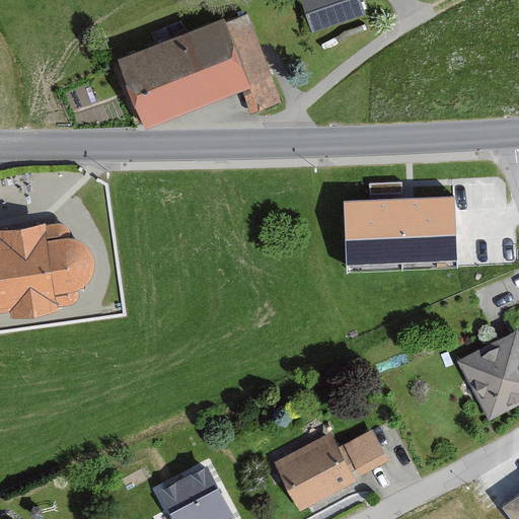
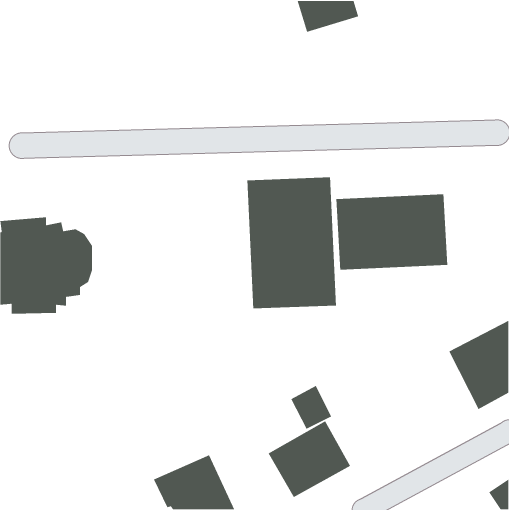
building: [120,21,281,130] -> none
building: none -> [247,177,337,309]
building: [346,424,388,469] -> [290,385,332,430]

